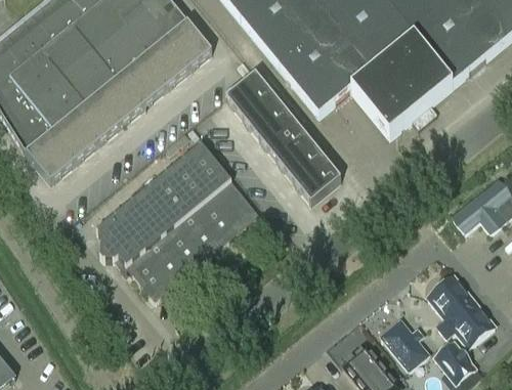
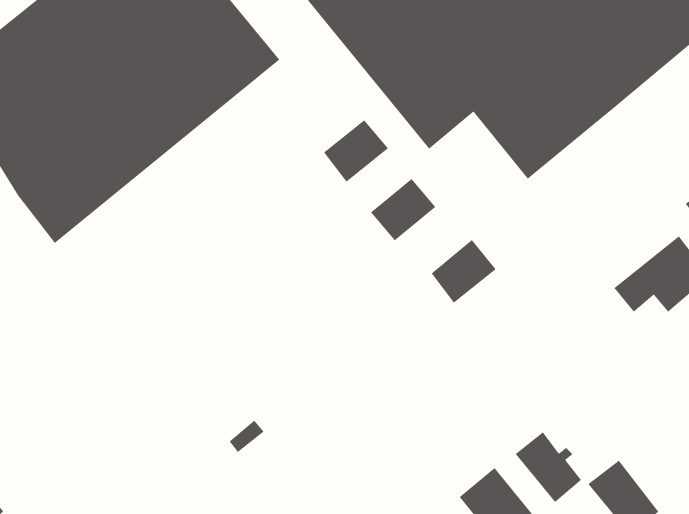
building: [226,73,273,118] -> none
building: [260,115,307,161] -> none
building: [97,143,260,300] -> none
building: [295,157,342,203] -> [431,239,497,304]
building: [428,274,496,345] -> none

